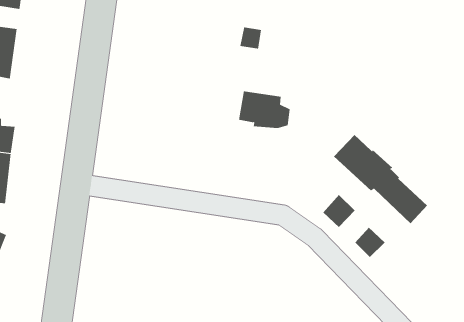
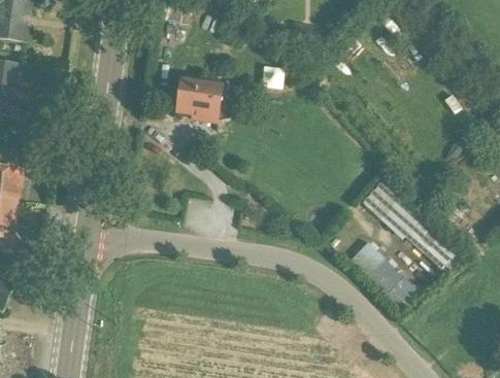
building: [238,91,290,129] -> [174,77,230,117]

